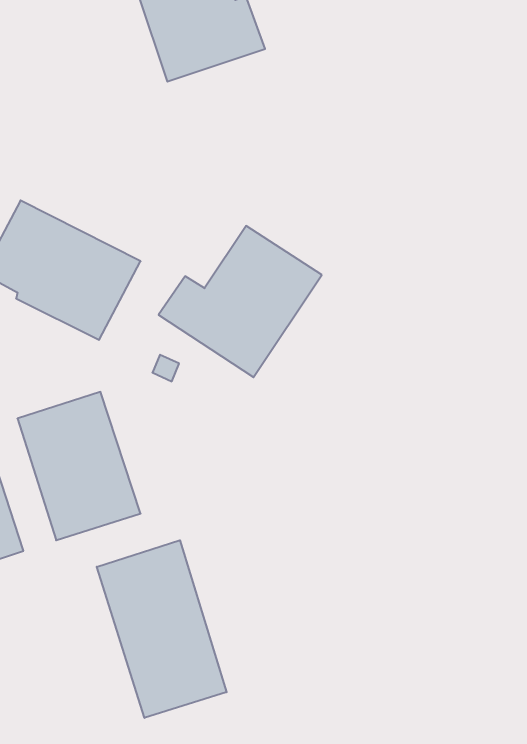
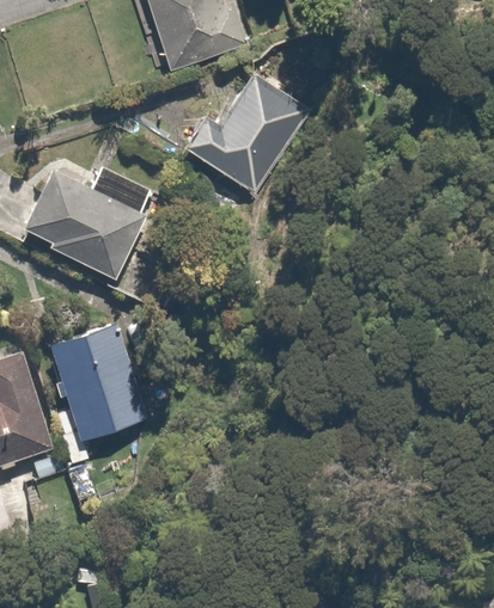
building: [159,226,322,377] -> [179,70,311,192]
building: [97,540,227,718] -> none

